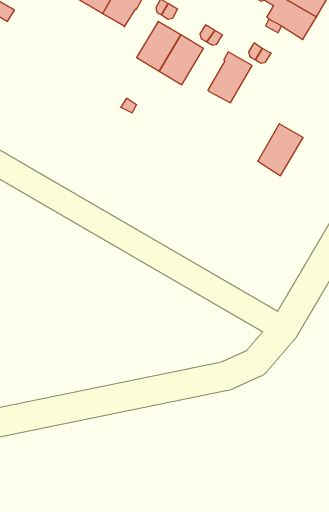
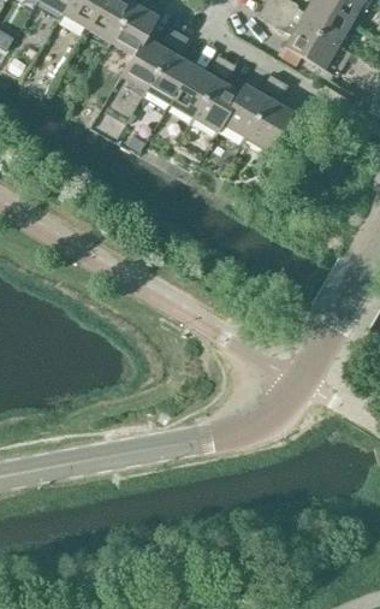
building: none -> [121,37,170,89]
building: none -> [195,79,241,132]
building: [258,124,303,176] -> [247,97,295,153]

